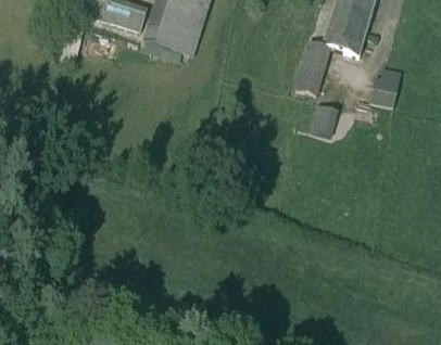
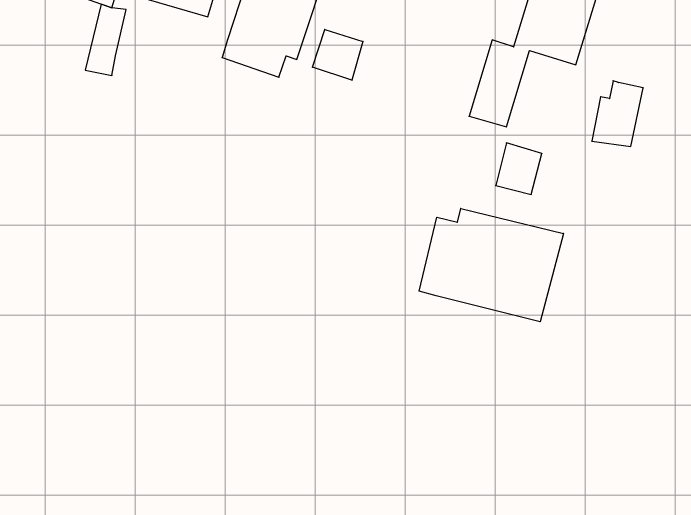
building: none -> [312,29,363,80]
building: none -> [419,208,563,322]

